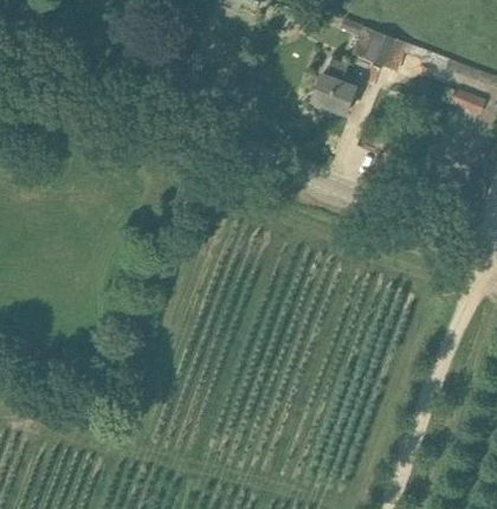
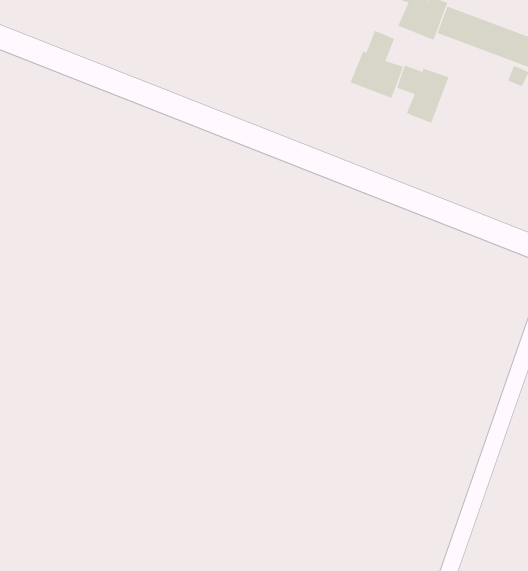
building: none -> [397,65,449,123]

